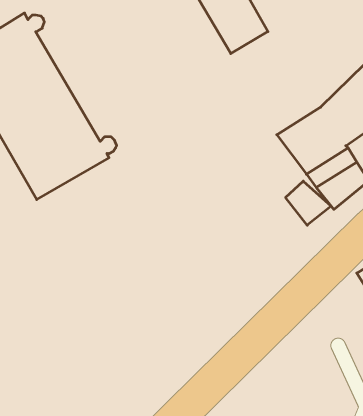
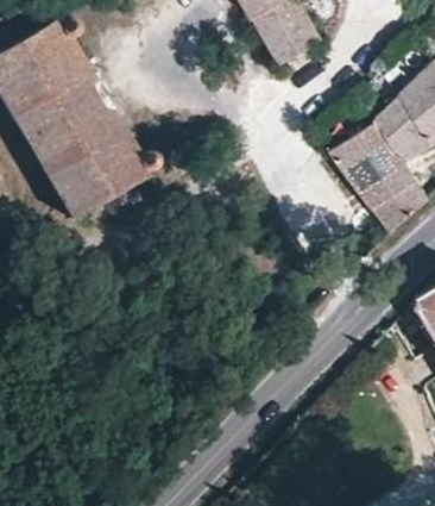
building: [286,181,331,225] -> none

